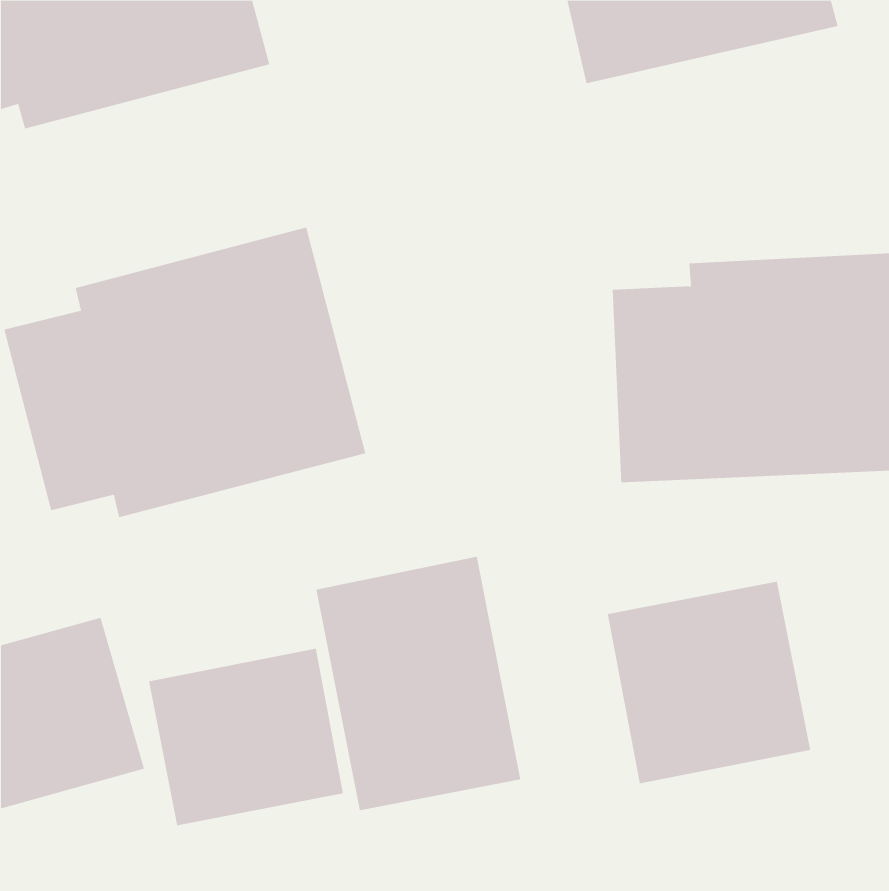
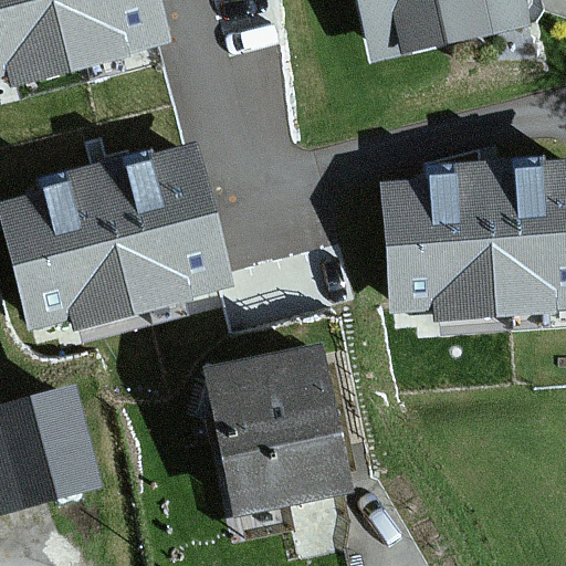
building: [607,581,811,784] -> none
building: [148,648,344,826] -> none

